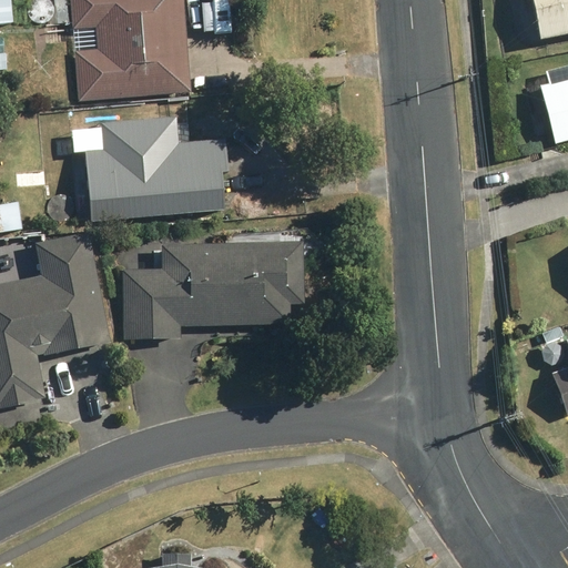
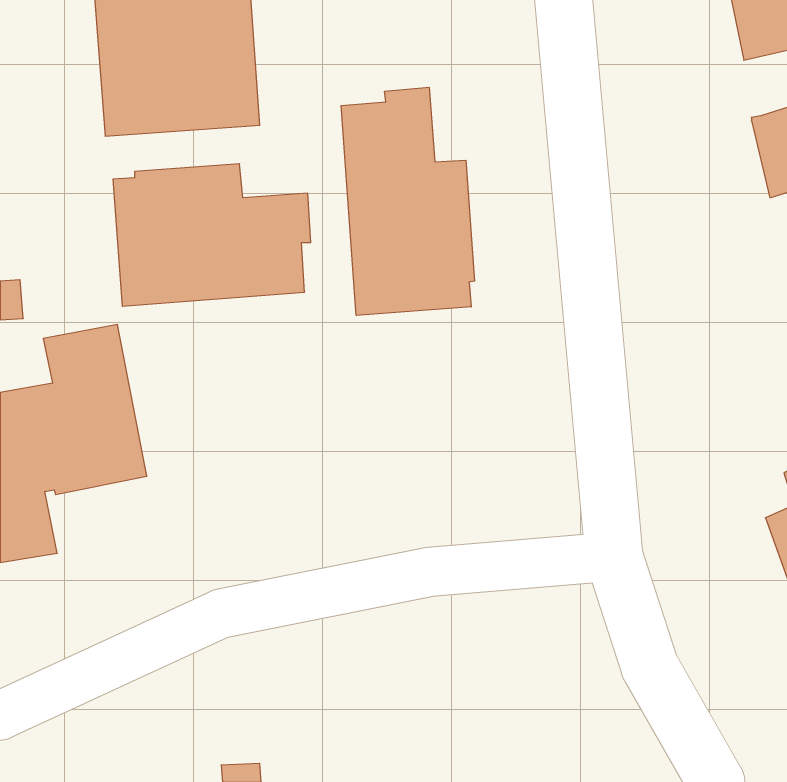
building: none -> [341,87,475,315]
building: [122,244,301,337] -> none

